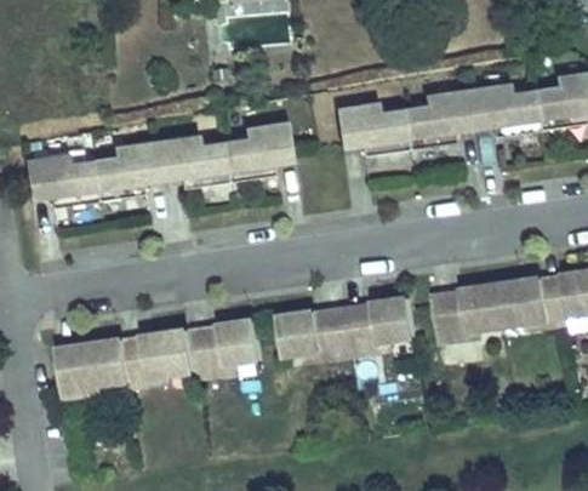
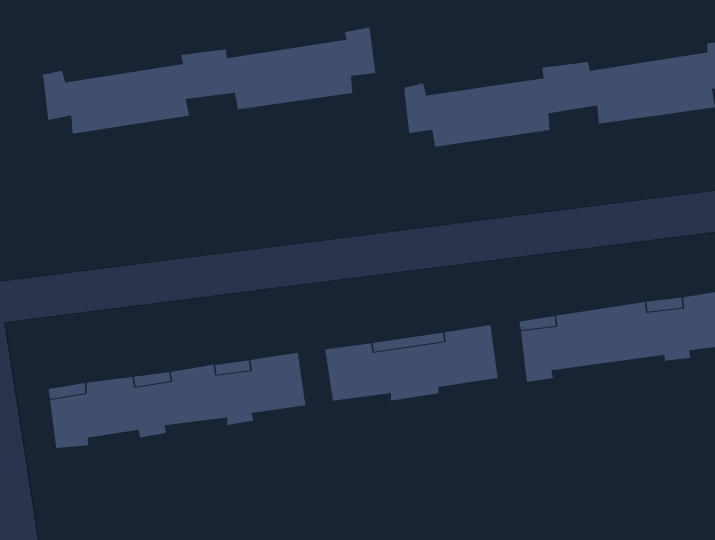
building: [25,122,291,207] -> [41,27,376,134]

